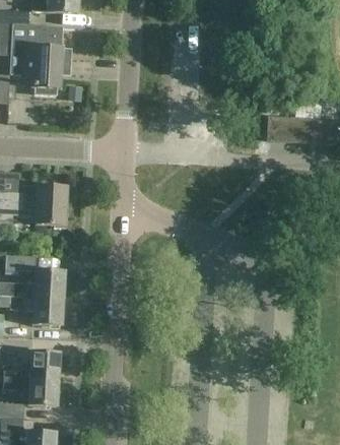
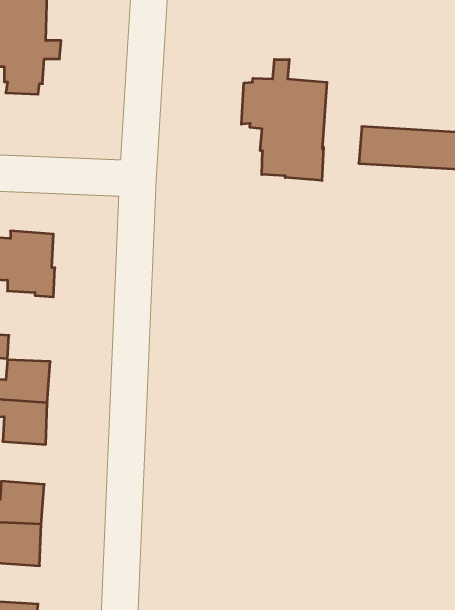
building: none -> [241,59,327,181]

